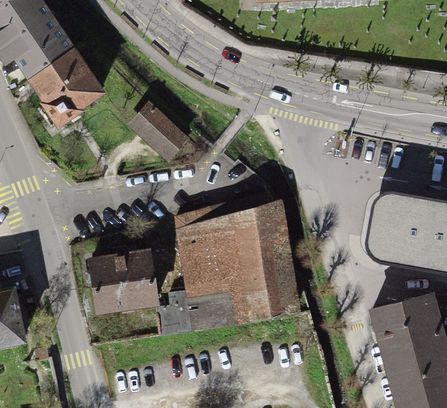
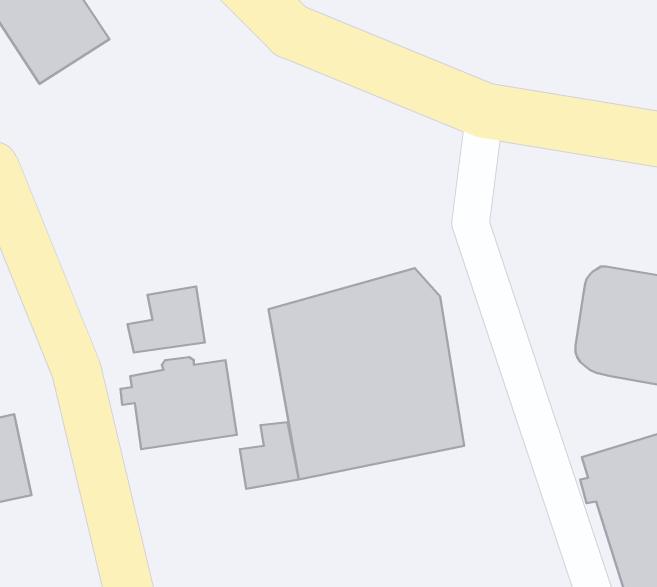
building: [30,50,102,126] -> none
building: [131,105,185,159] -> none
building: none -> [127,286,205,352]

